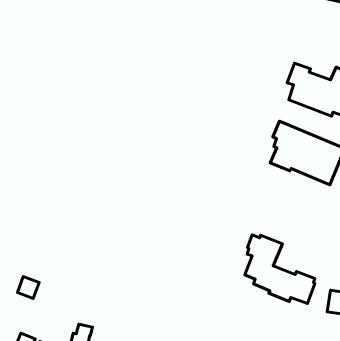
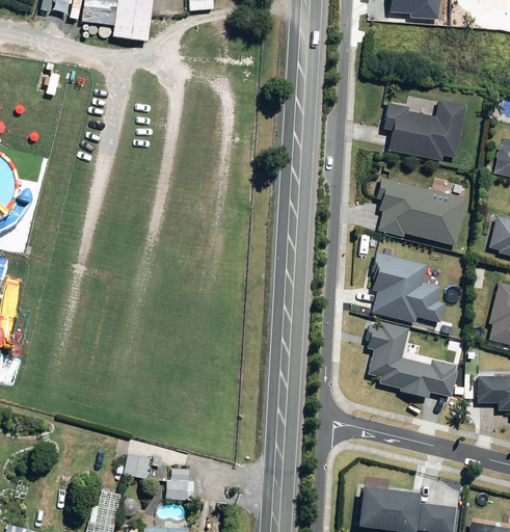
building: none -> [374,252,448,323]
building: [17,277,39,298] -> [125,453,150,478]

